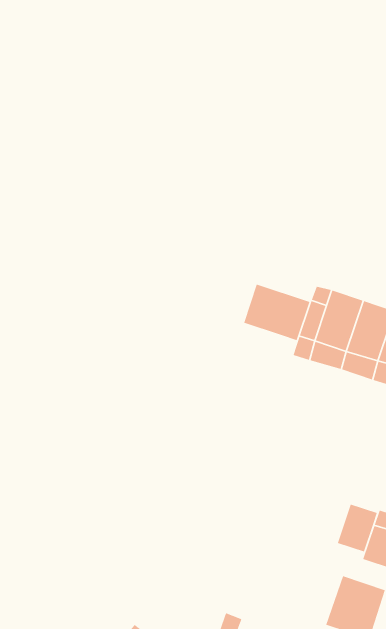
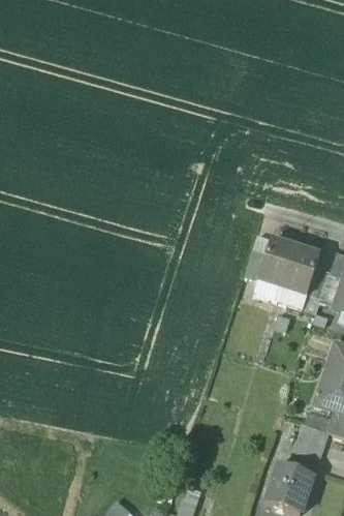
building: [243,284,310,341] -> none
building: [337,503,378,553] -> none

